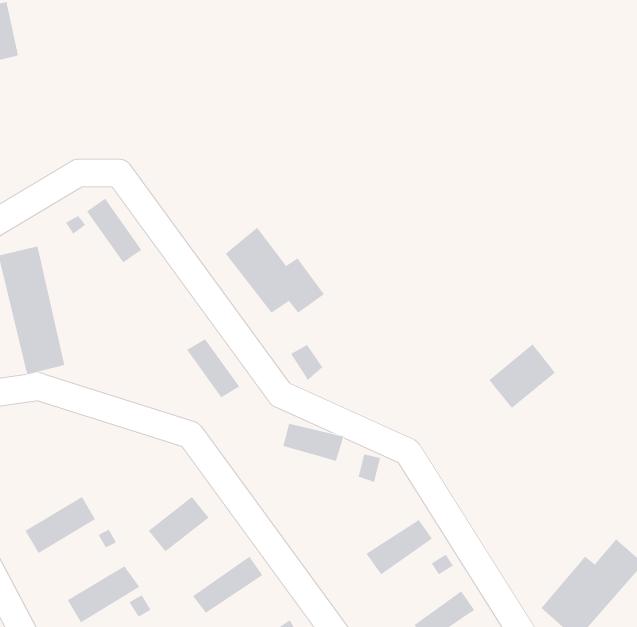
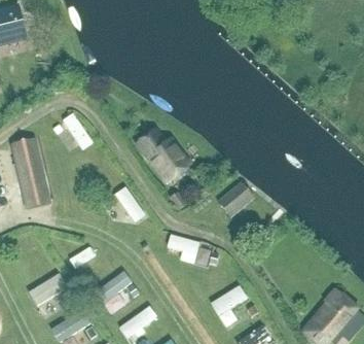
building: [489,344,556,409] -> [220,182,256,217]

